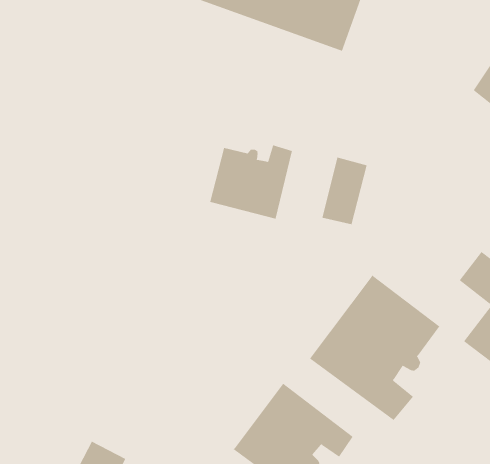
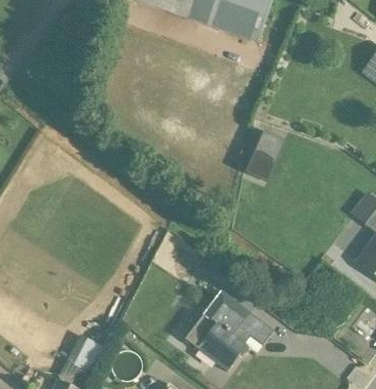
building: [209,144,292,219] -> none
building: [309,274,440,421] -> none

